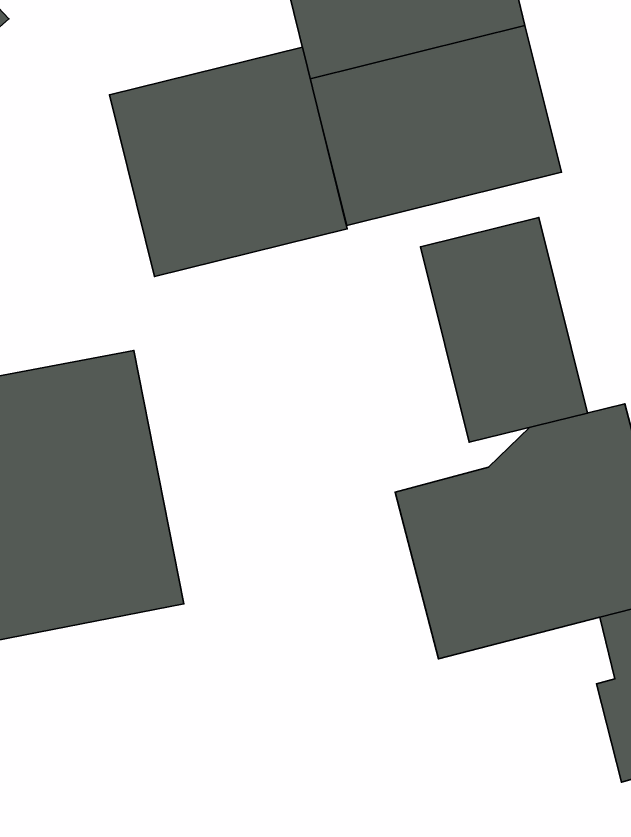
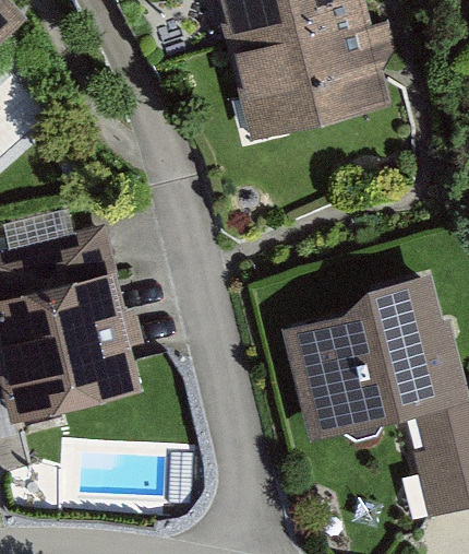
building: [110,47,347,277] -> none
building: [421,218,587,442] -> none

